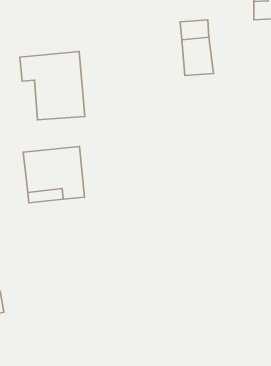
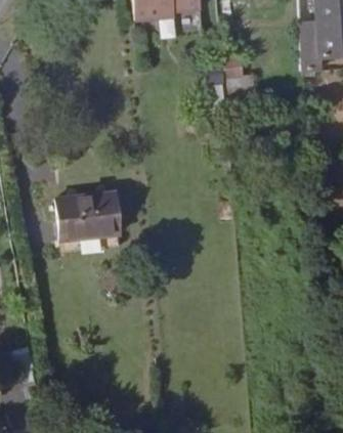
building: [20,52,85,120] -> none

